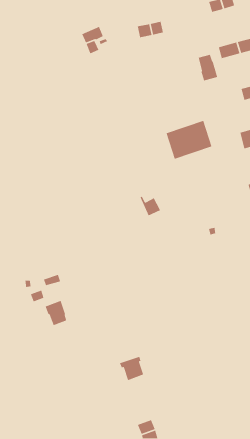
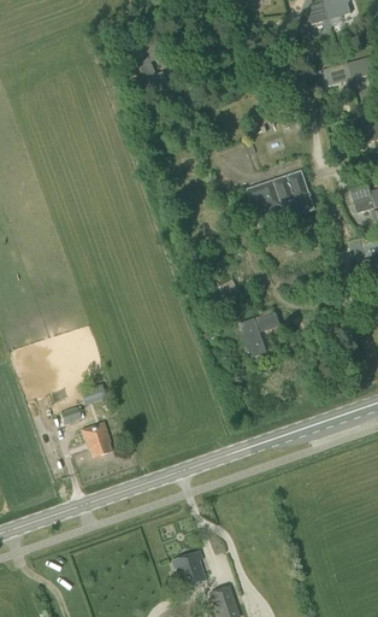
building: [198,54,218,82] -> none
building: none -> [238,312,280,355]
building: [119,356,144,381] -> [171,551,206,586]

